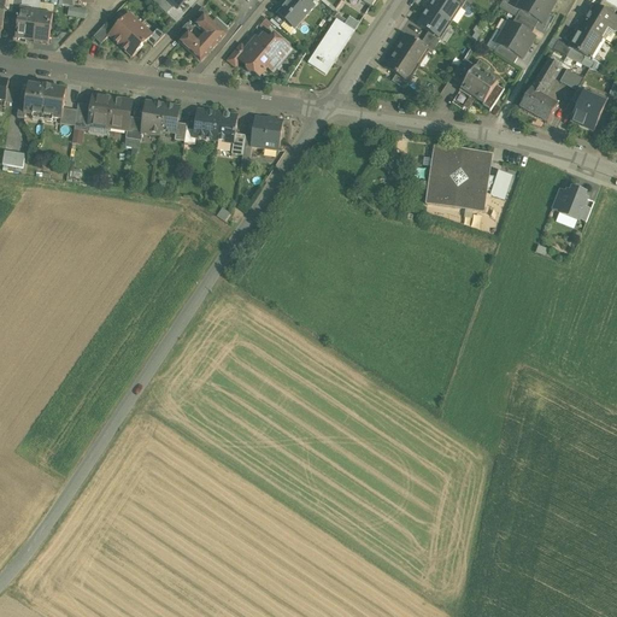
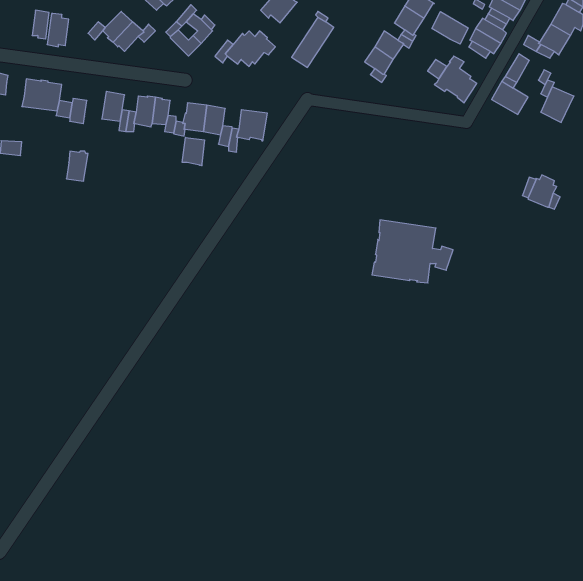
building: [14,5,37,40] -> [47,14,69,47]
building: none -> [432,12,468,44]
building: [89,94,112,125] -> [66,151,88,181]
building: [424,143,510,210] -> [372,220,453,283]
building: none -> [182,137,204,166]

